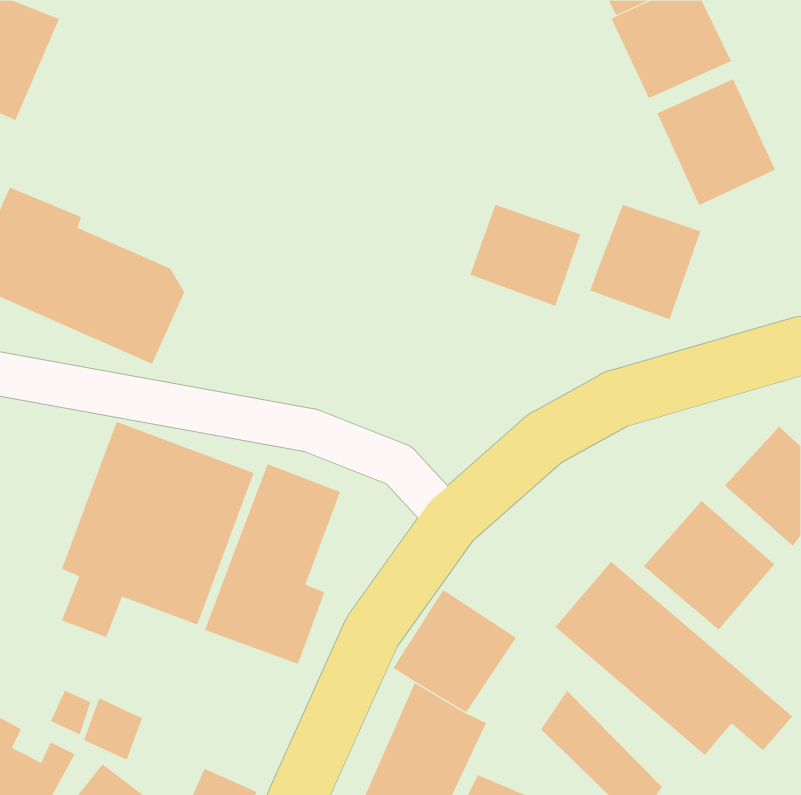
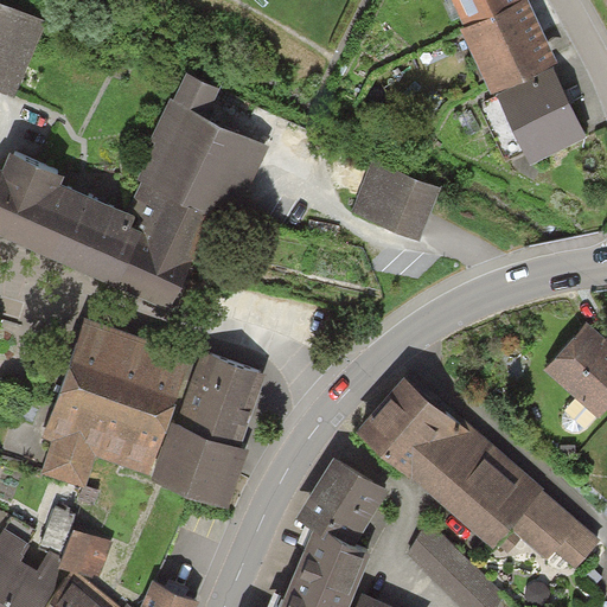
building: none -> [115,75,268,305]
building: [590,204,701,320] -> none
building: [643,500,775,631] -> [362,381,461,479]

